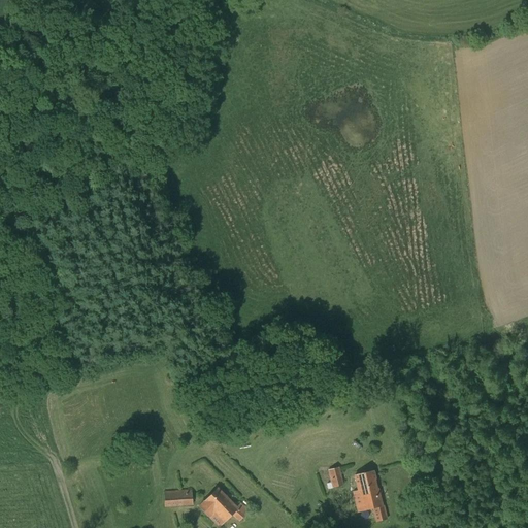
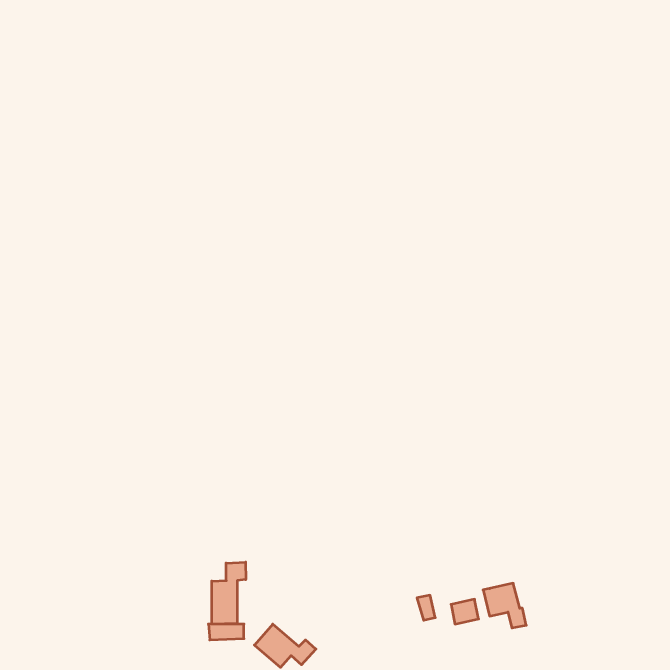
building: none -> [212,562,246,624]
building: [353,487,387,522] -> [483,583,526,628]

